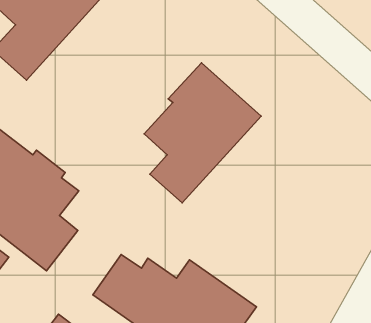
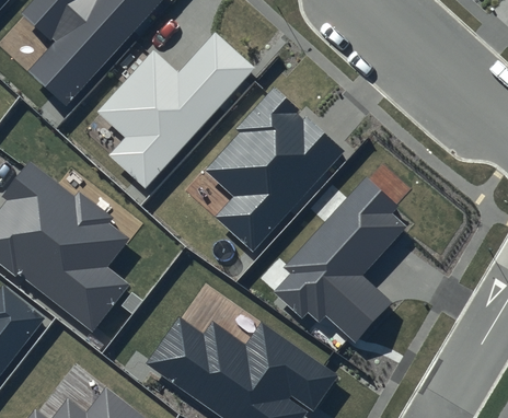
building: none -> [96,35,253,188]
building: none -> [275,175,407,342]

